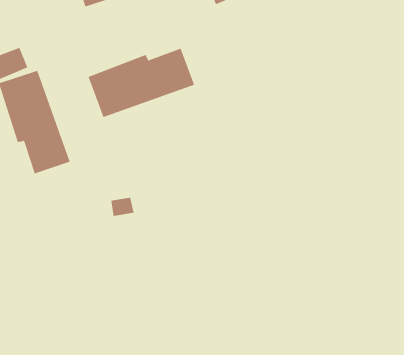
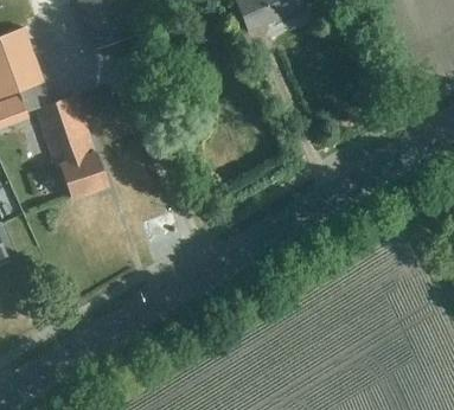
building: [88,48,195,118] -> none

